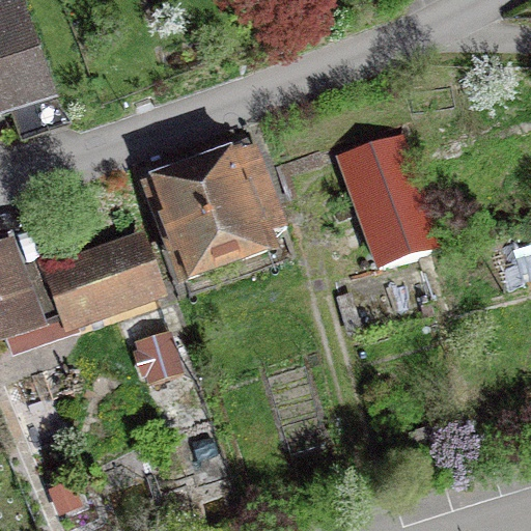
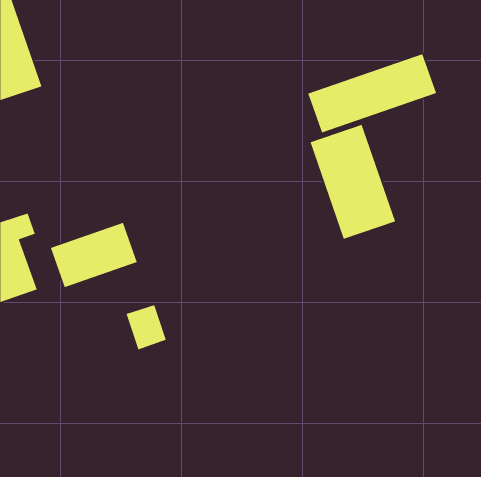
building: none -> [307,53,437,134]
building: [146,144,290,278] -> none

